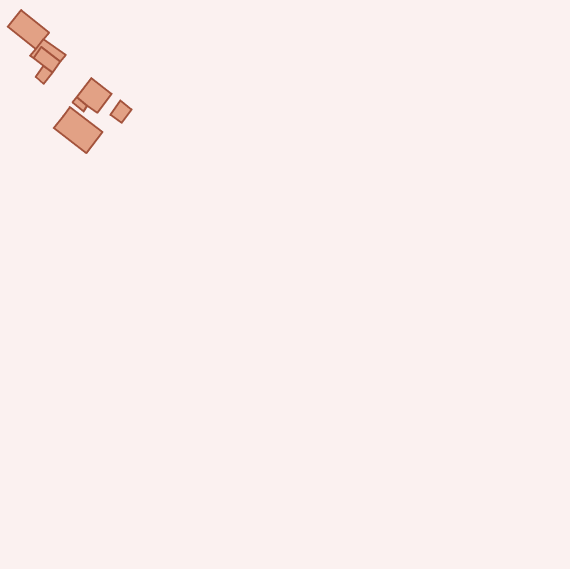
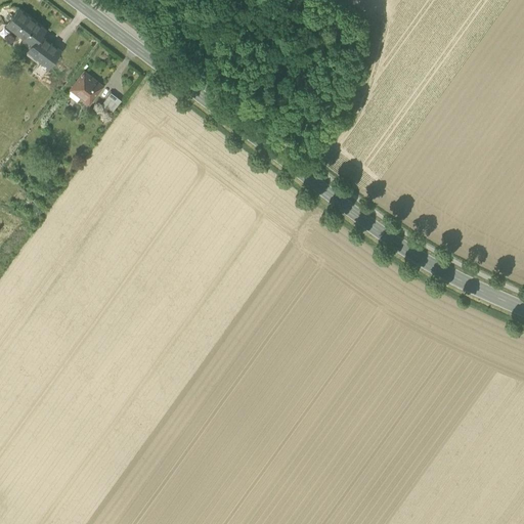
building: [54,107,102,153] -> none

